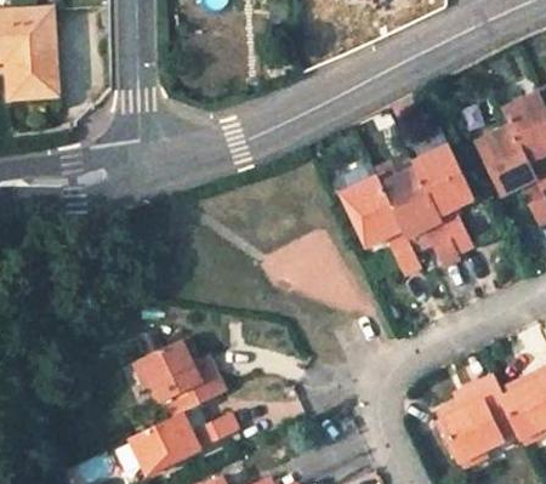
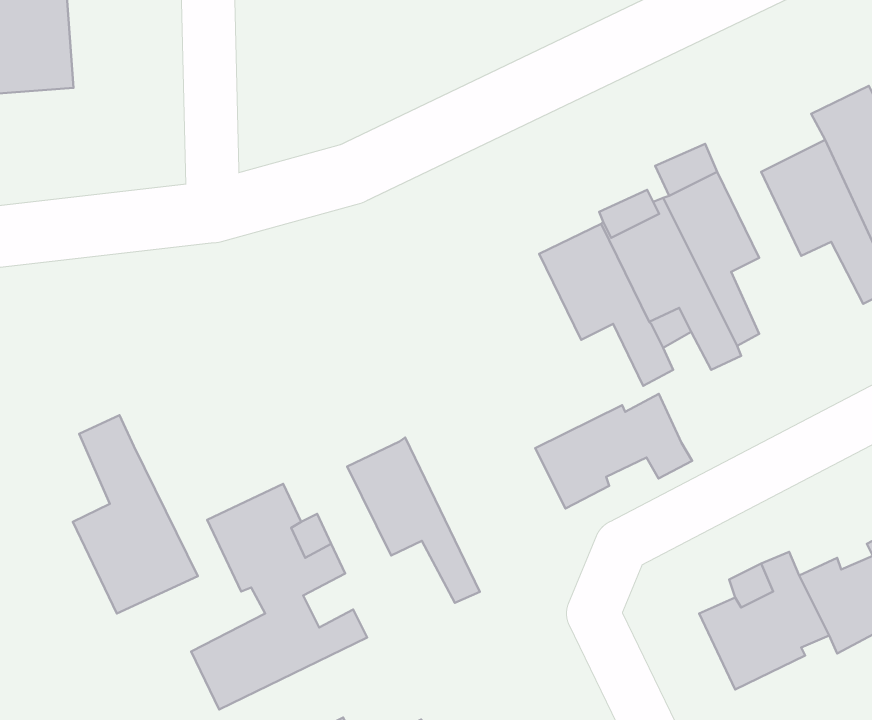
building: none -> [535,394,692,509]
building: none -> [73,415,198,614]
building: none -> [347,438,480,603]

